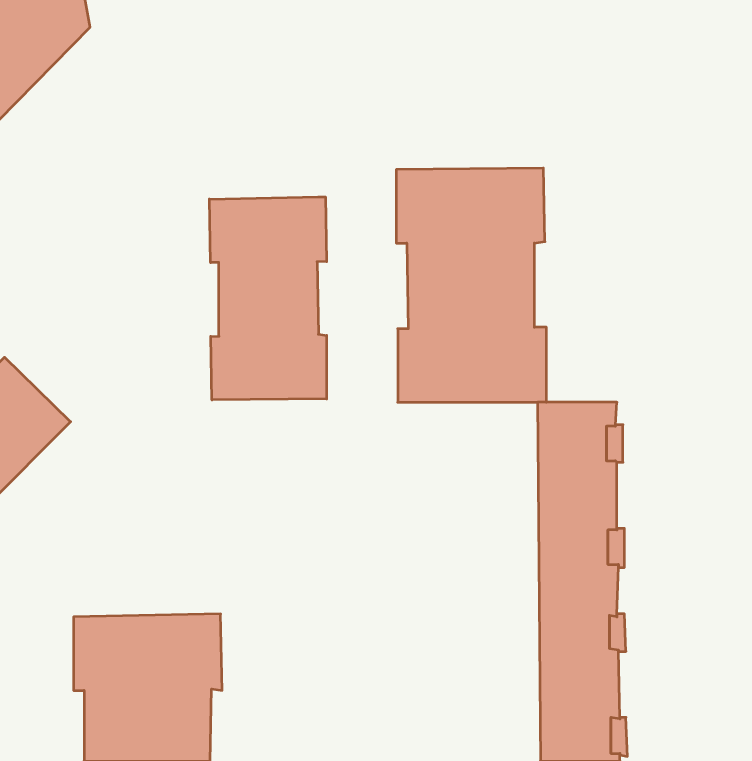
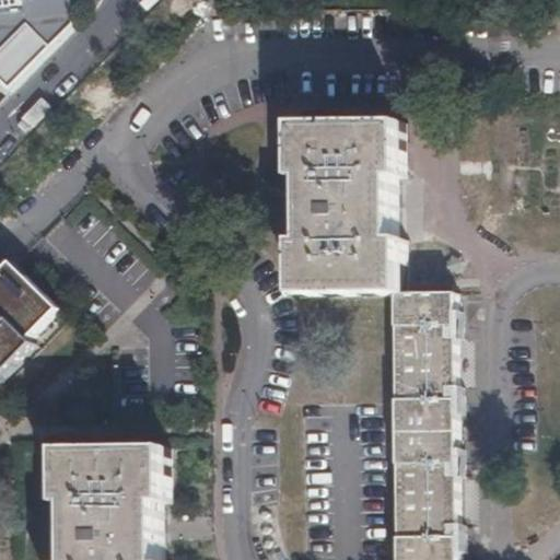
building: [209,197,327,400] -> none

